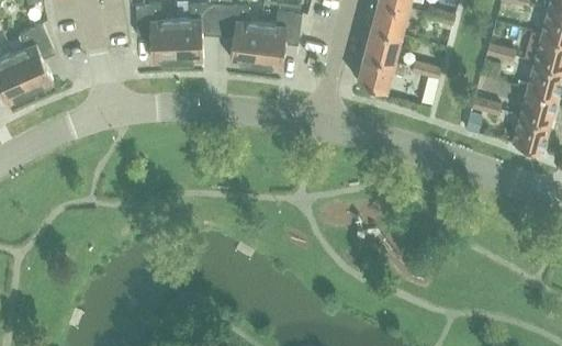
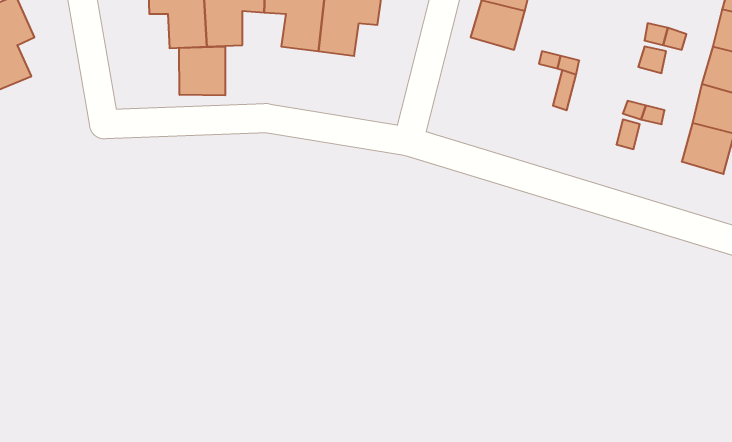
building: [356,53,405,89] -> none
building: none -> [179,46,225,95]

